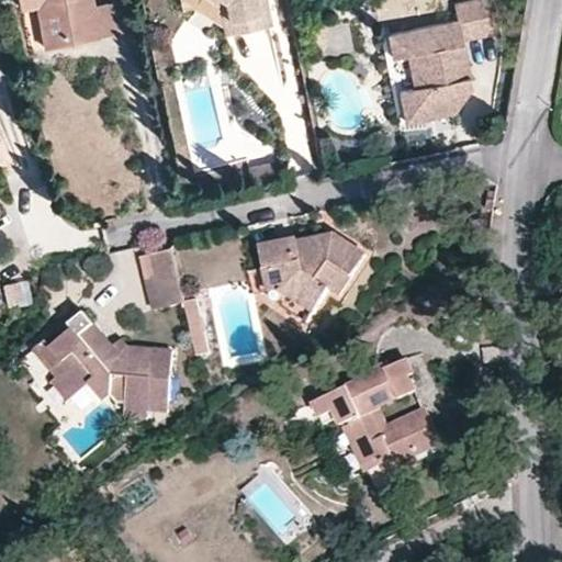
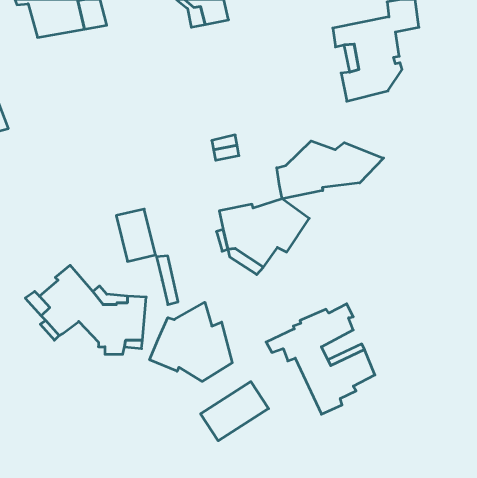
building: none -> [277,141,384,199]
building: none -> [150,302,232,381]
building: none -> [201,382,269,441]

